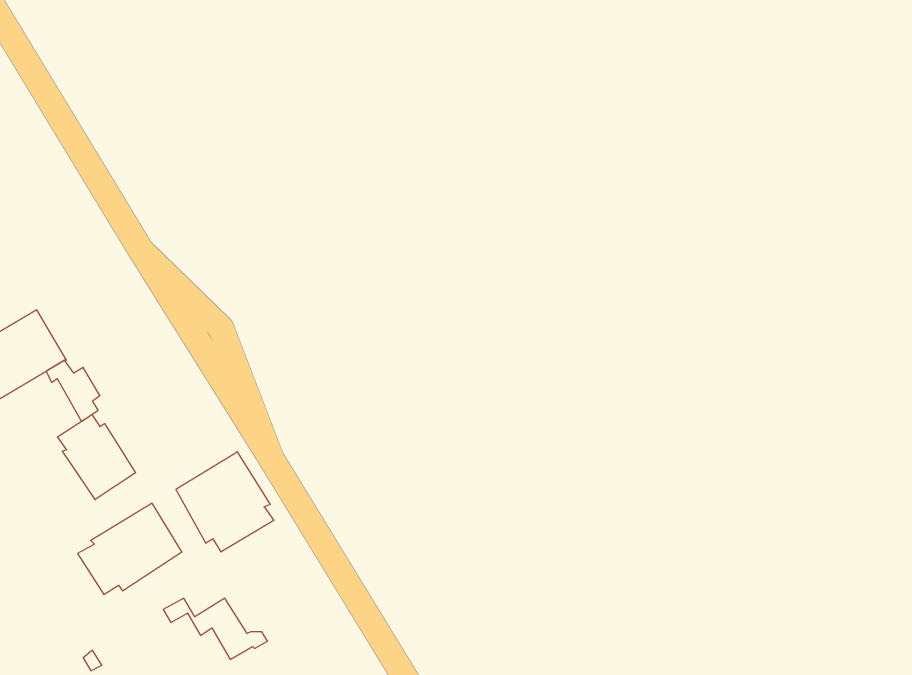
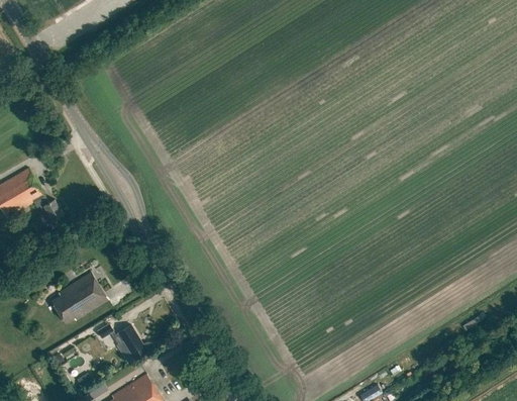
building: [57,415,135,500] -> none
building: [176,452,274,552] -> none

